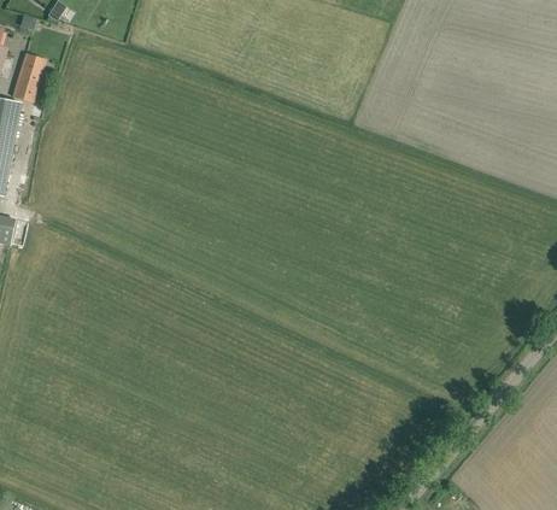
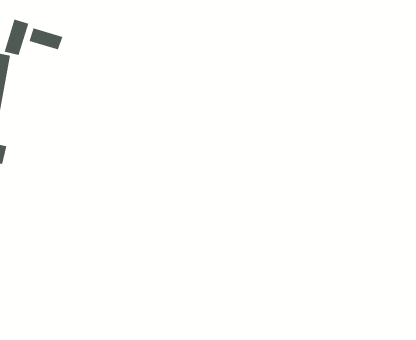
building: none -> [29,27,63,50]

